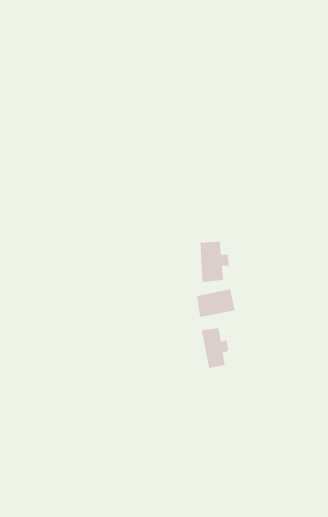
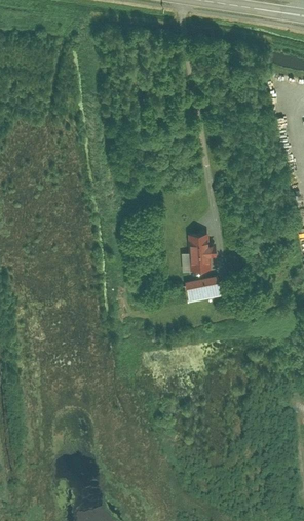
building: [201,327,229,369] -> none

